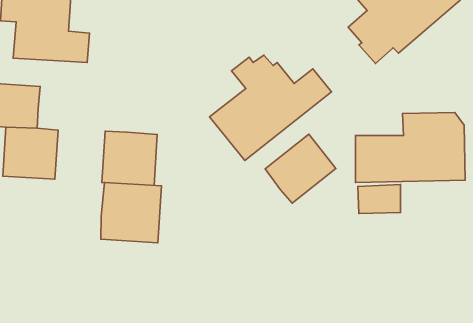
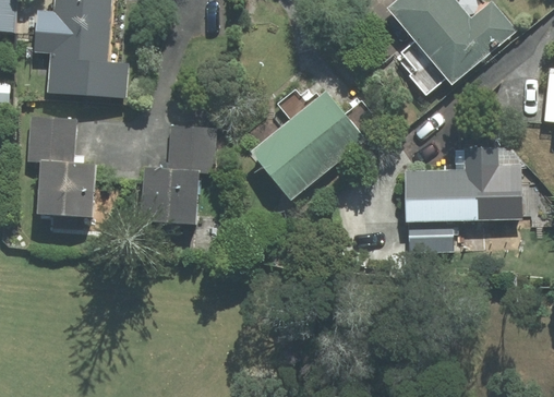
building: none -> [167,125,216,171]
building: [265,134,336,203] -> none
building: [101,183,161,243] -> none

